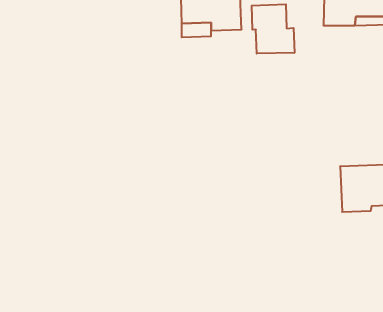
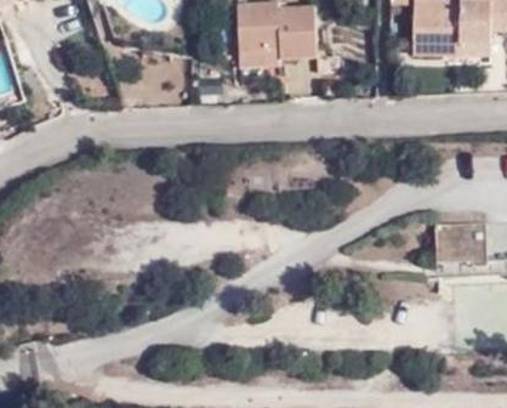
building: [252,4,294,54] -> none

